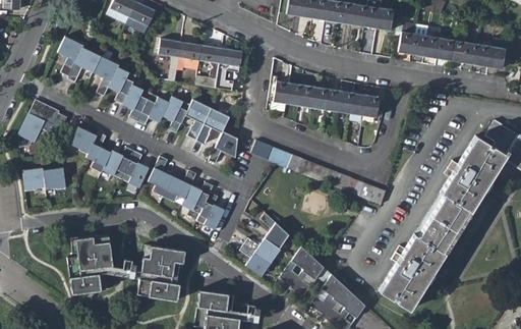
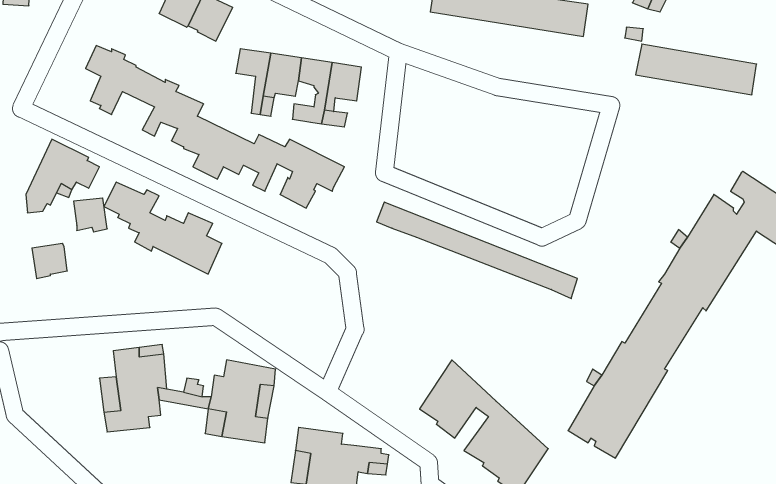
building: [399,32,428,56] -> none
building: [270,75,380,117] -> none
building: [210,130,238,164] -> none
building: [150,157,226,230] -> none
building: [45,168,67,190] -> [74,198,107,232]
building: [240,212,291,276] -> none

